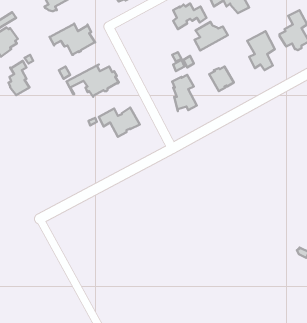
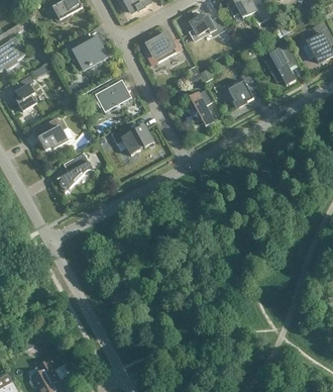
building: [194,22,228,50] -> [145,34,181,65]
building: none -> [38,115,67,149]
building: none -> [57,152,93,189]

